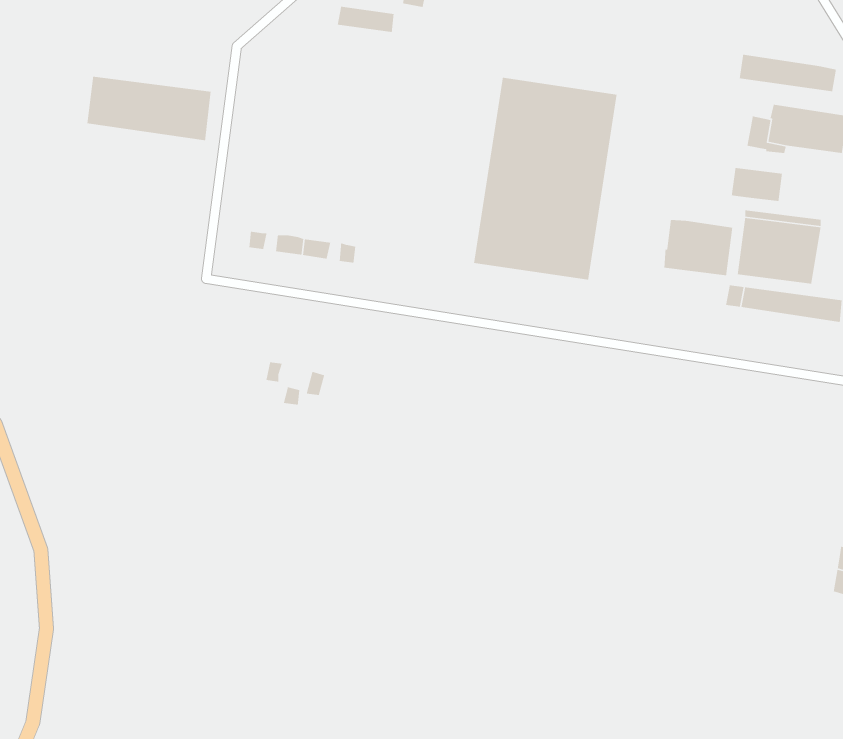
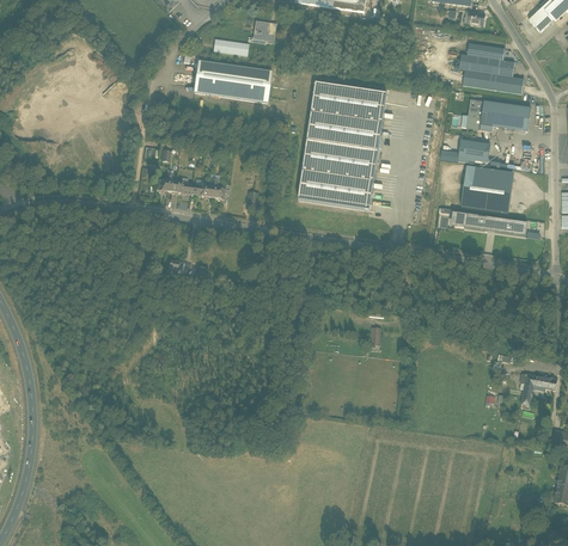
building: none -> [460,42,514,75]
building: [87,76,212,141] -> [194,61,271,102]
building: [664,219,733,276] -> none

